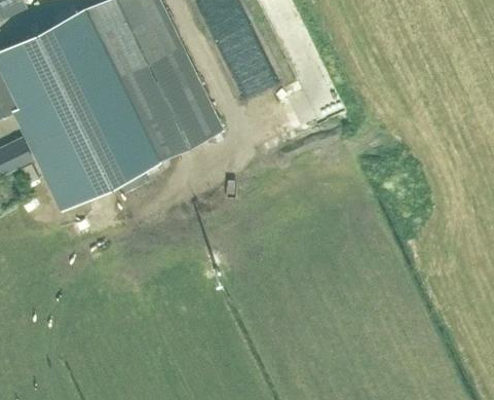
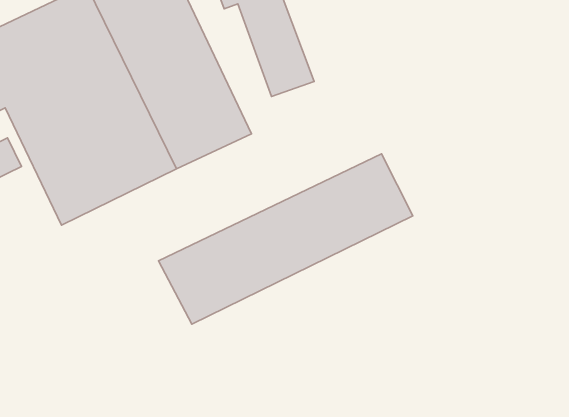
building: none -> [159,154,413,324]

